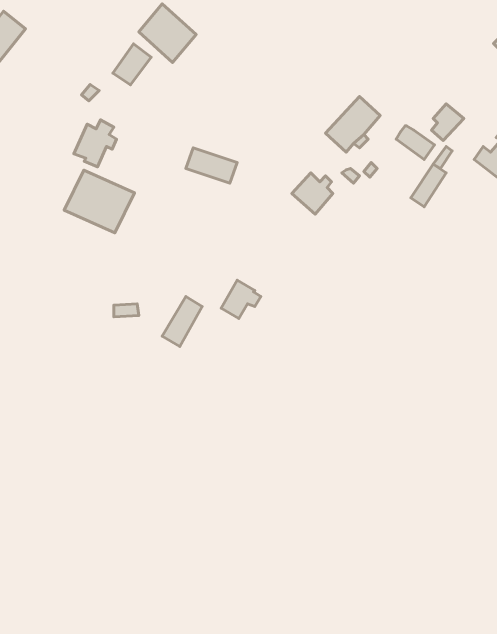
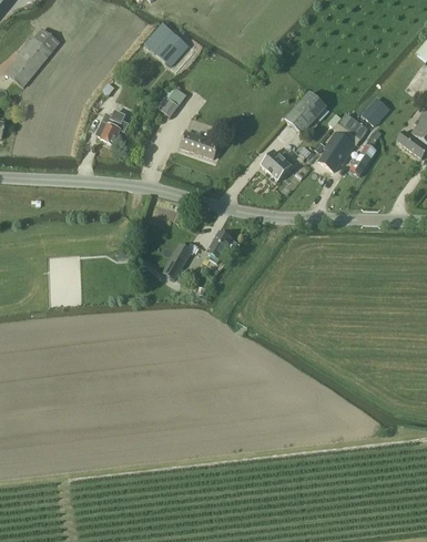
building: [113,44,151,85] -> [157,84,186,115]
building: none -> [319,131,354,168]
building: [64,170,135,233] -> none

